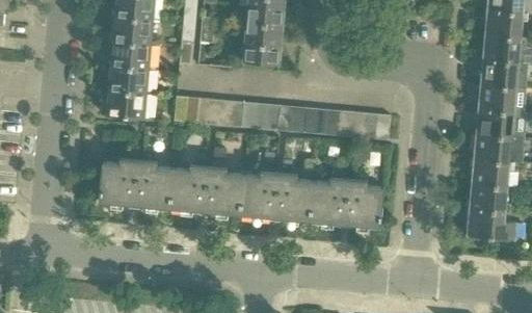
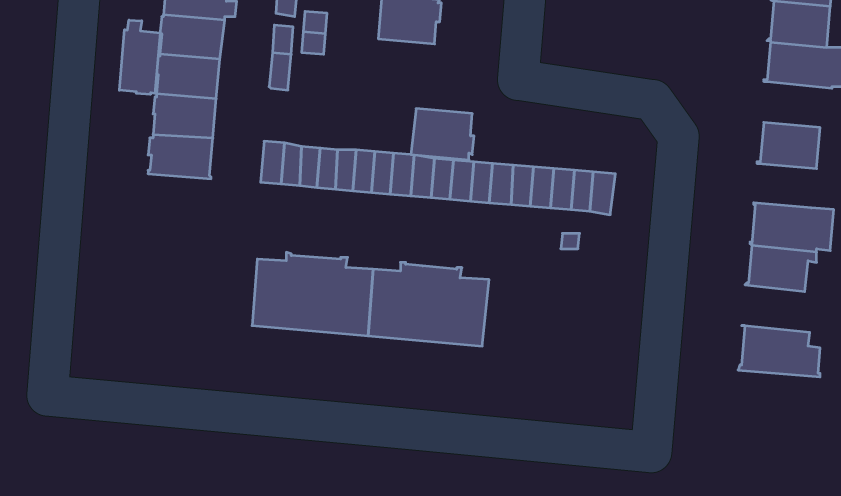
building: none -> [119,20,160,94]
building: [243,33,282,64] -> [411,109,474,160]
building: [479,59,523,87] -> none
building: [475,109,513,136] -> none
building: [99,157,172,208] -> none
building: [310,177,383,227] -> none
building: [468,183,509,212] -> none

